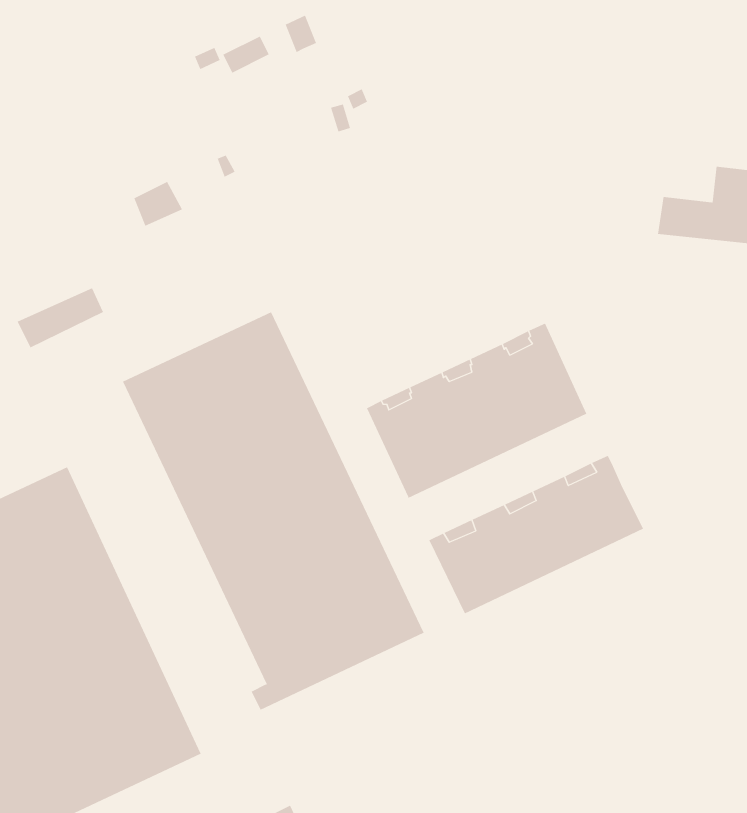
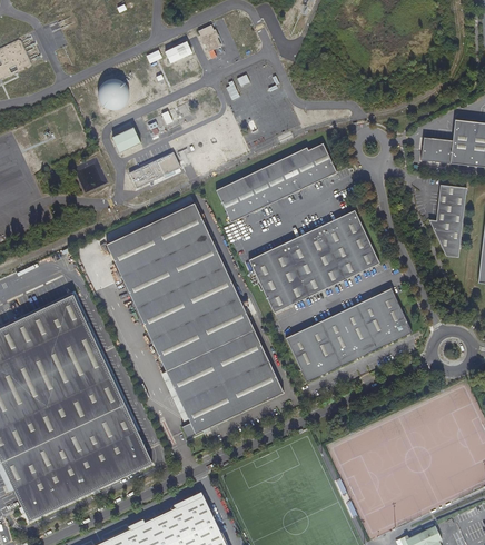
building: none -> [98,80,127,109]
building: none -> [215,143,336,222]
building: none -> [427,182,465,256]
building: [17,288,104,348] -> [128,153,179,189]

